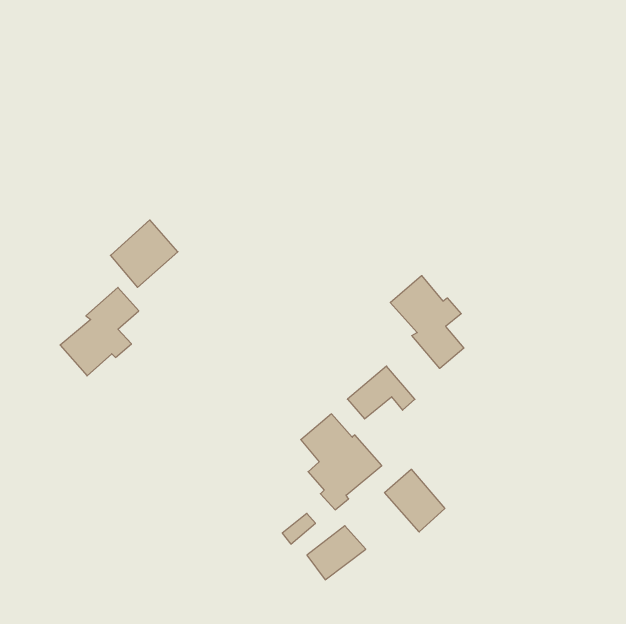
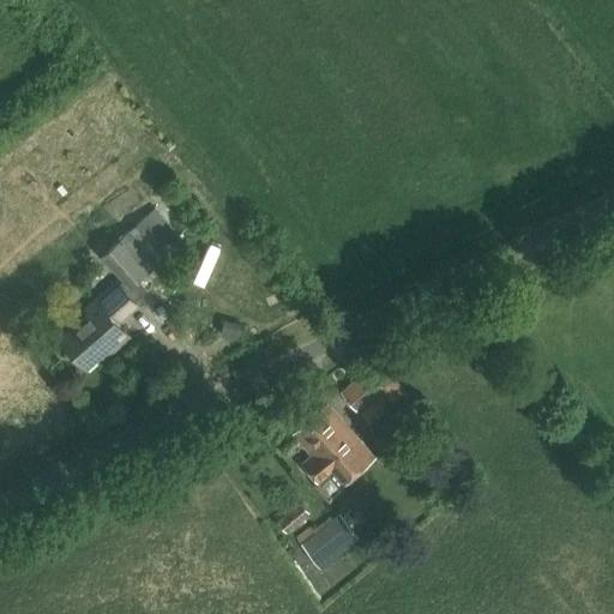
building: [390,276,464,368] -> none
building: [385,469,445,532] -> none

